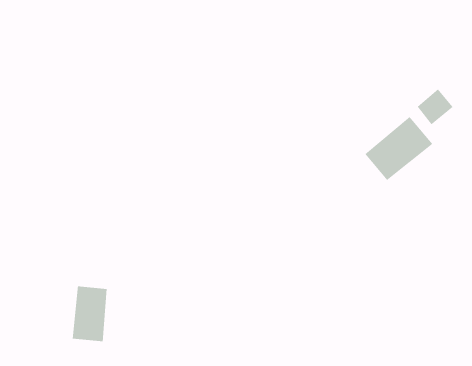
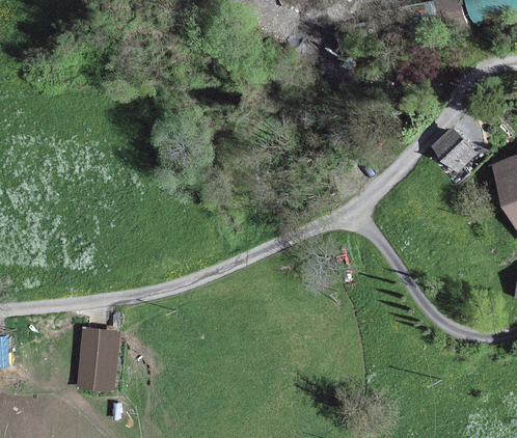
building: [364,116,433,181] -> none

